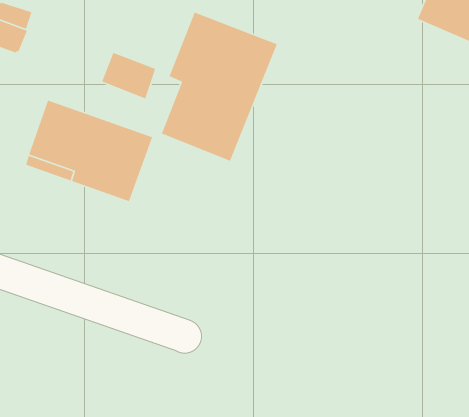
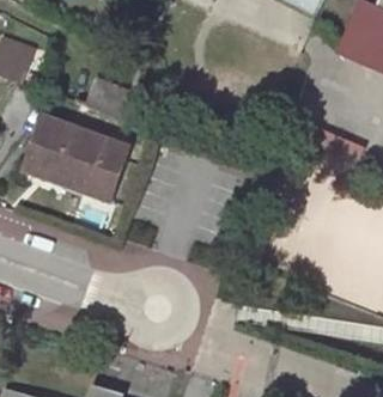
building: [161,11,278,162] -> none

